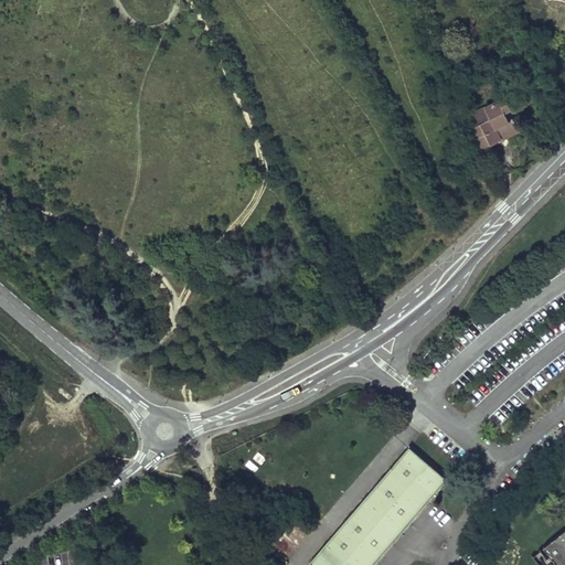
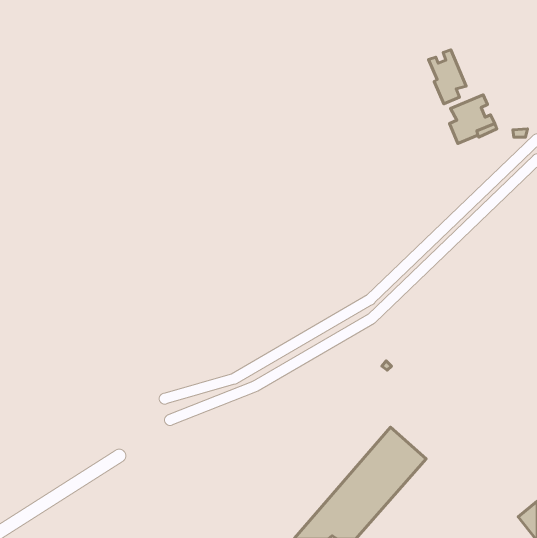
building: none -> [429,50,466,104]

